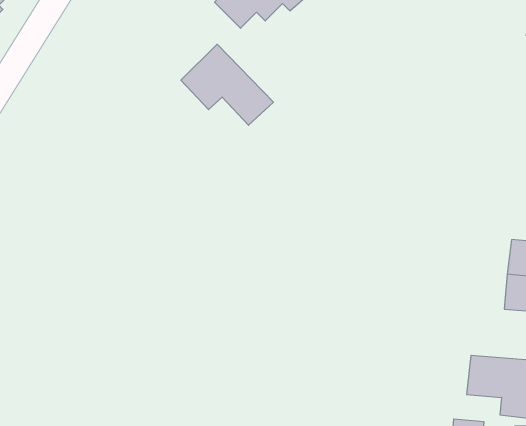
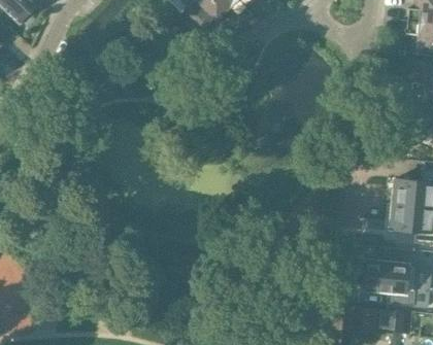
building: [181,44,273,125] -> none

